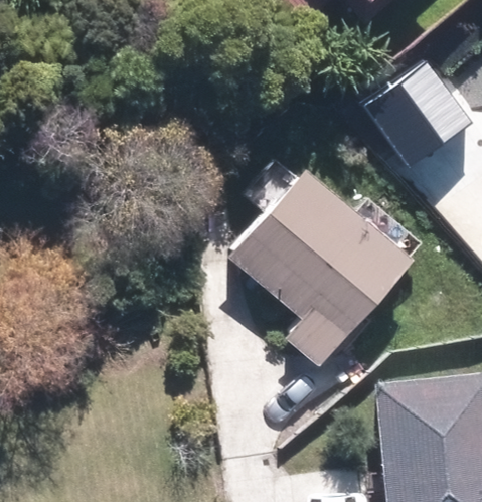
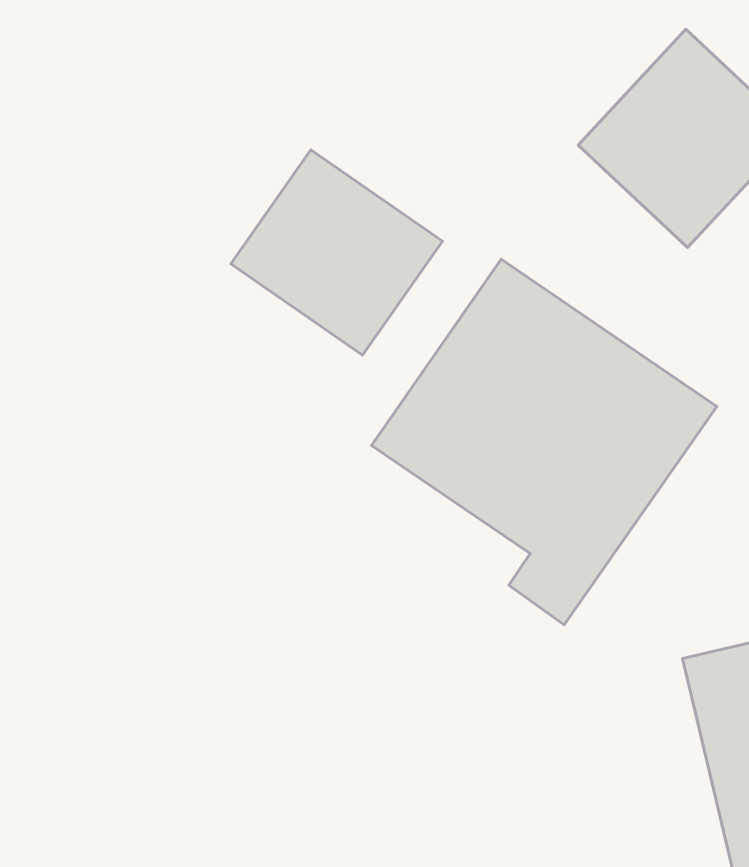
building: none -> [231,150,442,355]

